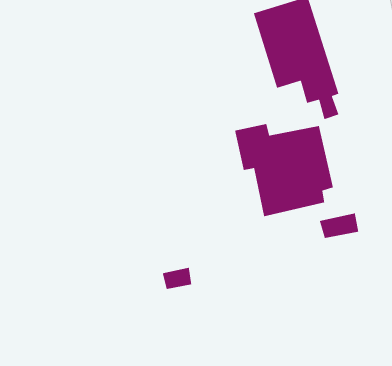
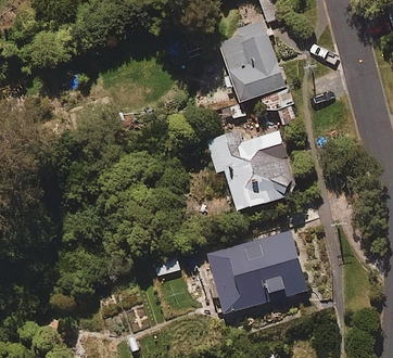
building: none -> [206,230,307,314]

